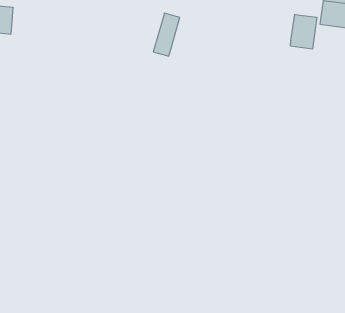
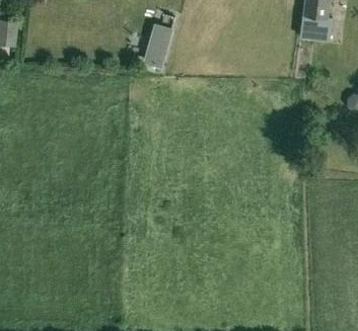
building: [291,14,317,49] -> none

